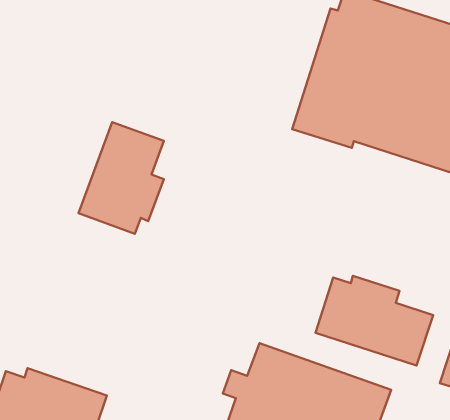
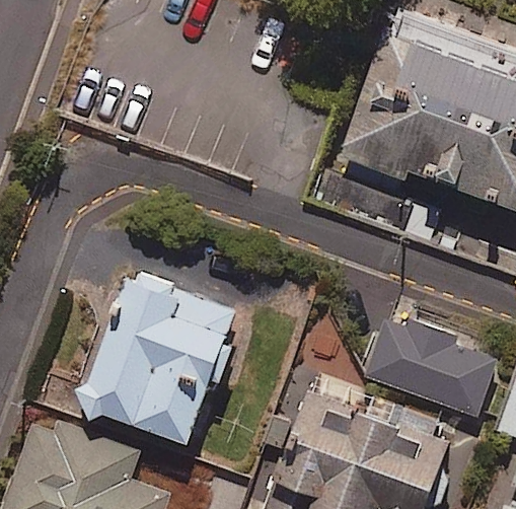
building: [79,122,164,234] -> none
building: none -> [74,272,234,444]

